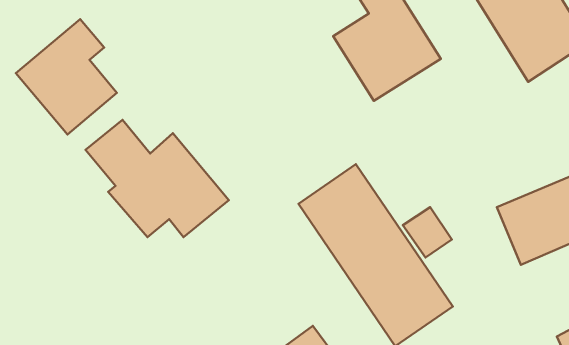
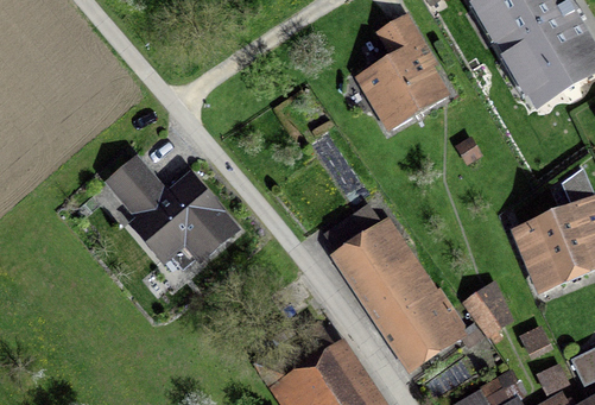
building: [16,19,117,134] -> none
building: [403,207,452,258] -> [467,284,515,334]

